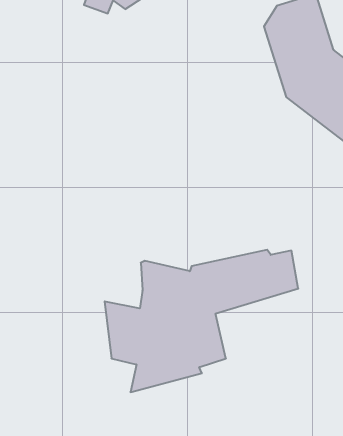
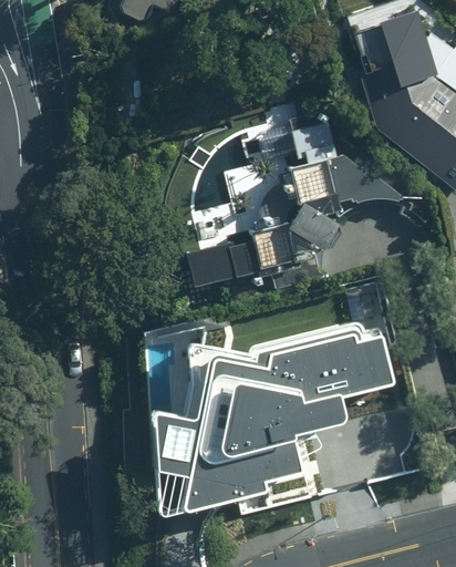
building: none -> [184,126,407,288]

